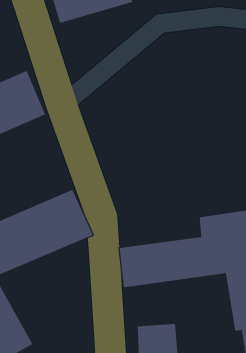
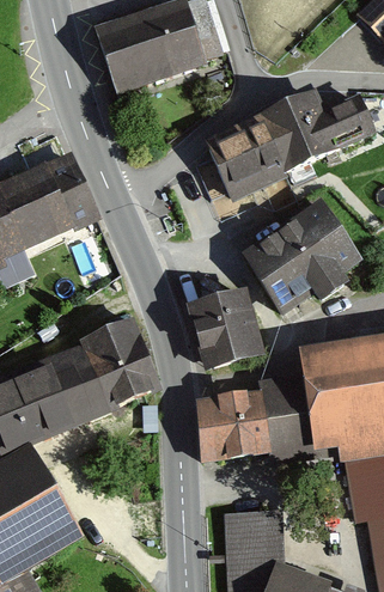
building: none -> [206,93,367,191]
building: none -> [243,202,353,307]
building: none -> [184,288,261,367]

